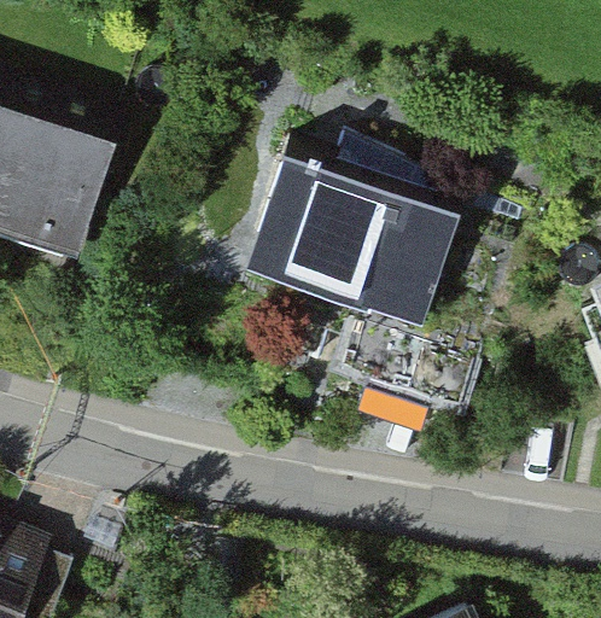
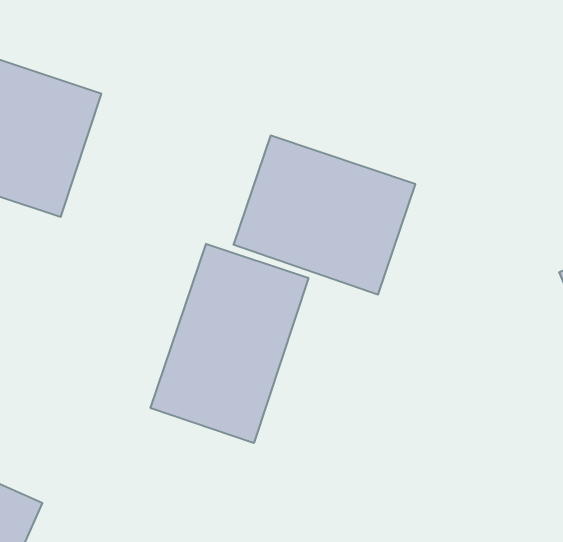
building: none -> [151,244,308,443]

